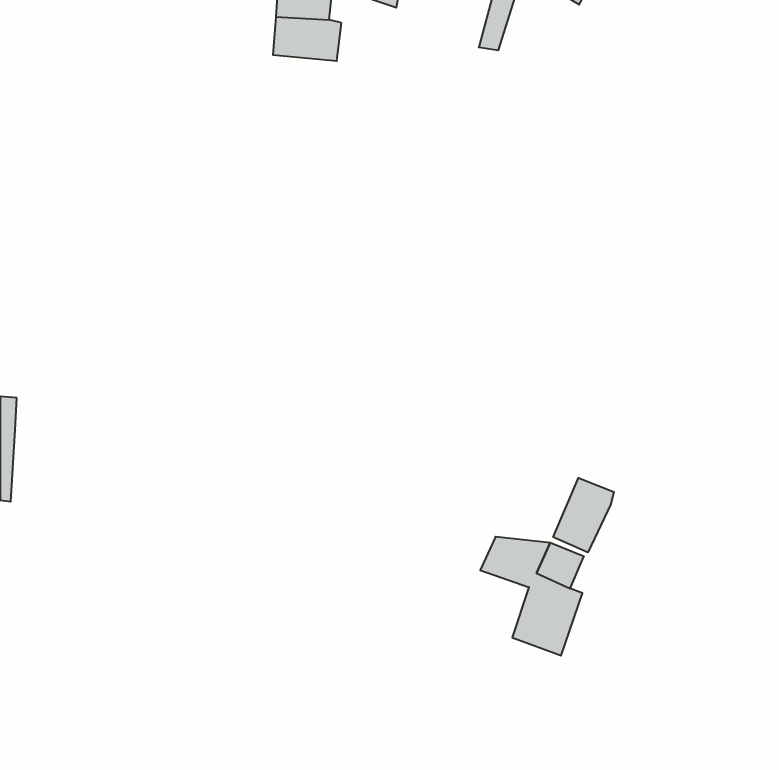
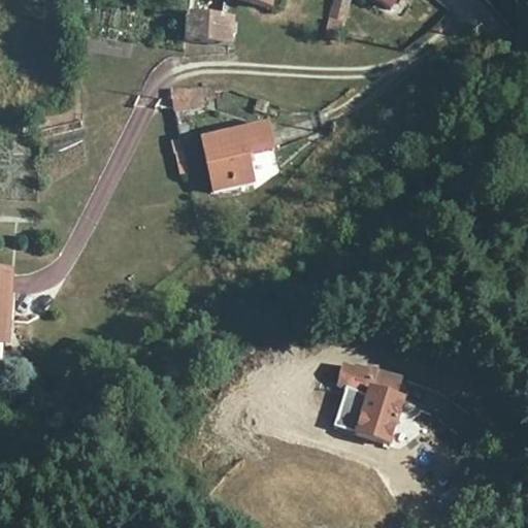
building: none -> [203,123,273,187]
building: [553,478,614,552] -> none

